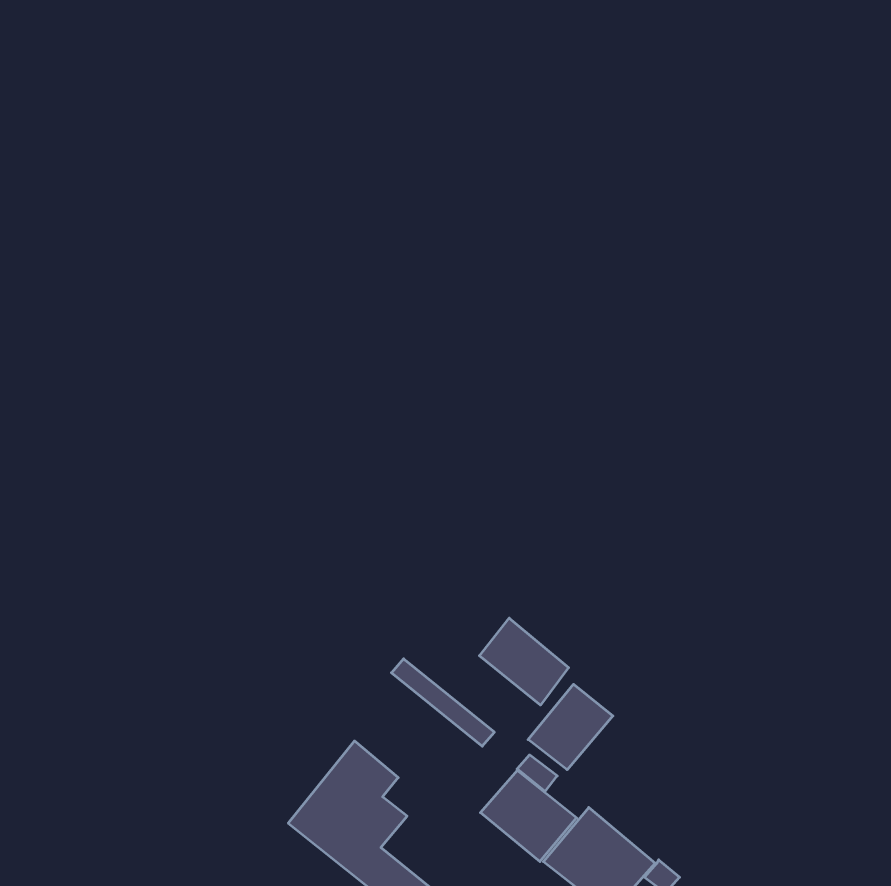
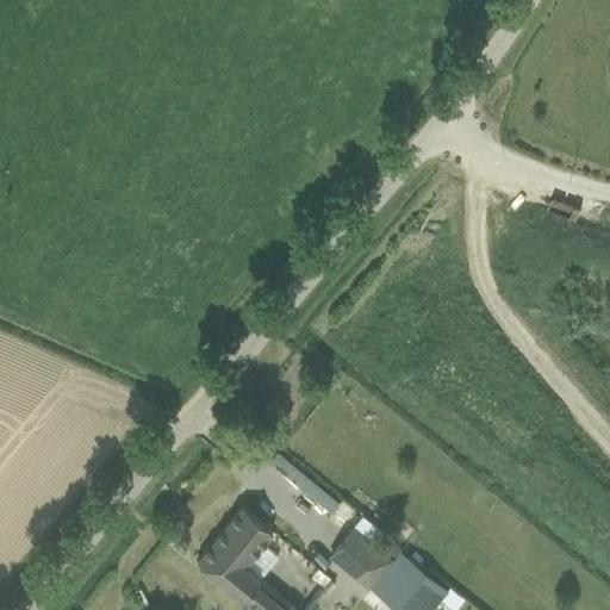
building: [479,618,569,705] -> none
building: [528,684,613,770] -> none

